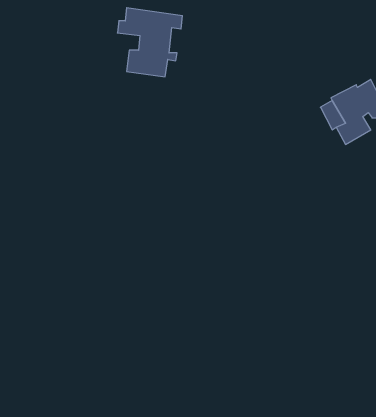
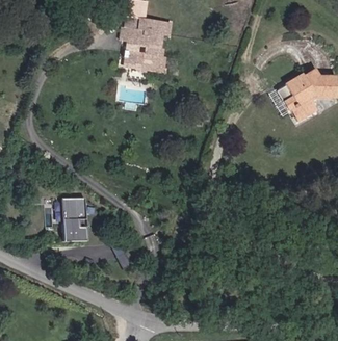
building: none -> [64,196,92,241]

